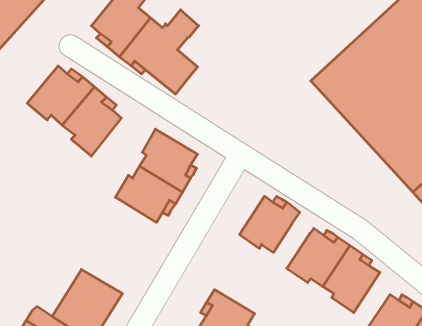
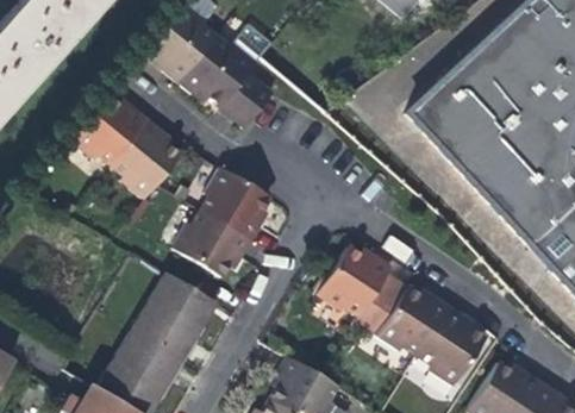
building: none -> [132,277,217,363]
building: none -> [357,279,404,333]

